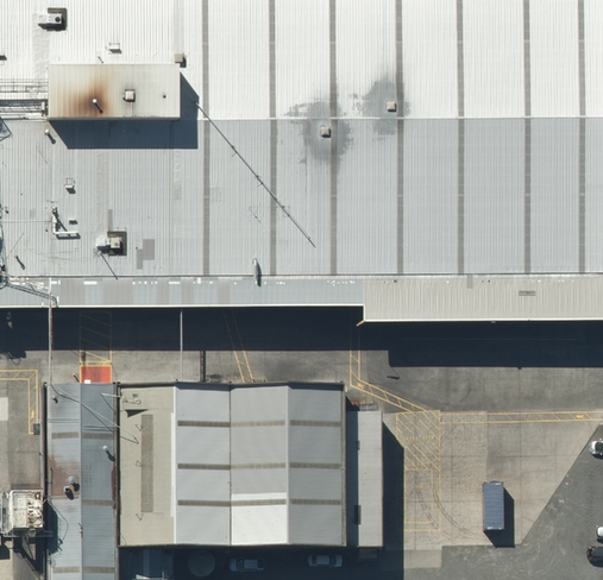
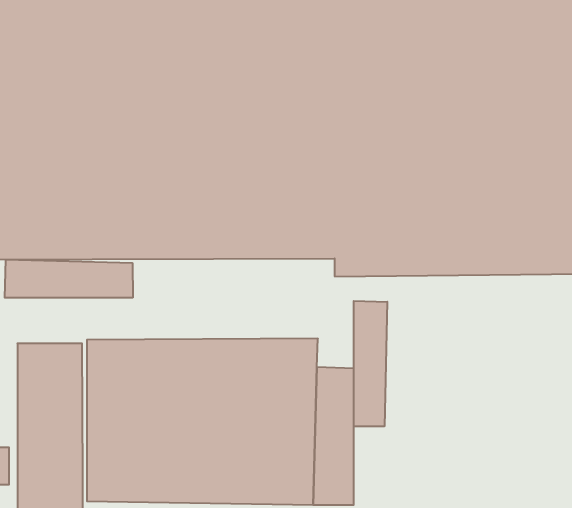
building: none -> [5,260,133,298]
building: none -> [354,301,387,427]

